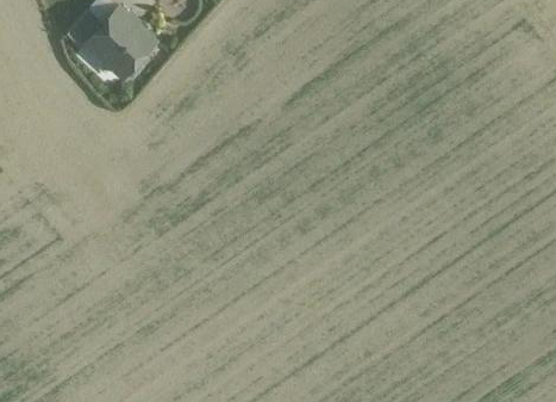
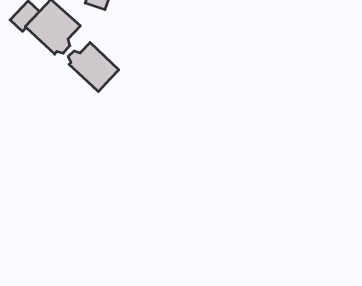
building: none -> [68,42,119,92]

